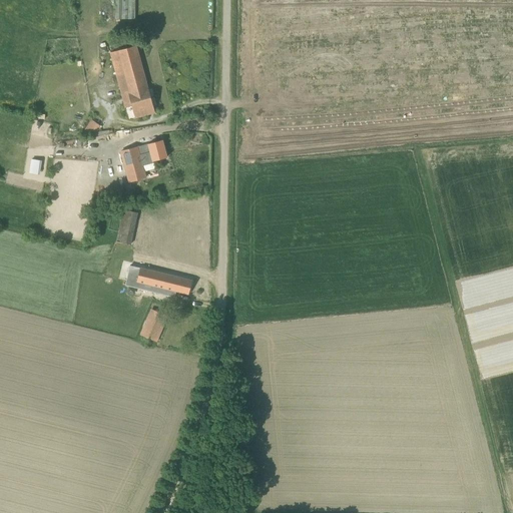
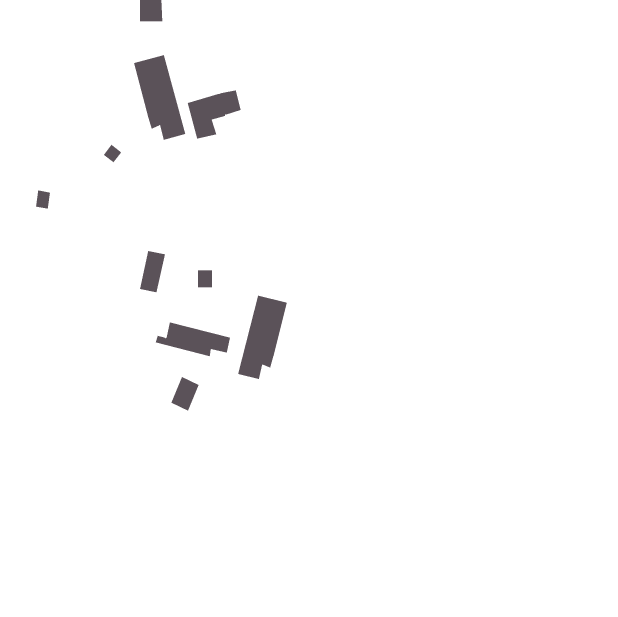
building: [121,139,166,180] -> [187,90,241,139]
building: none -> [237,295,287,380]

